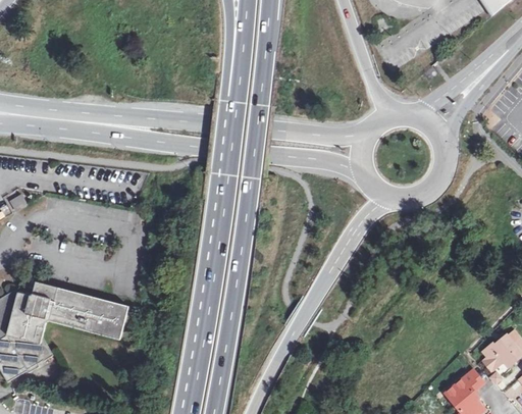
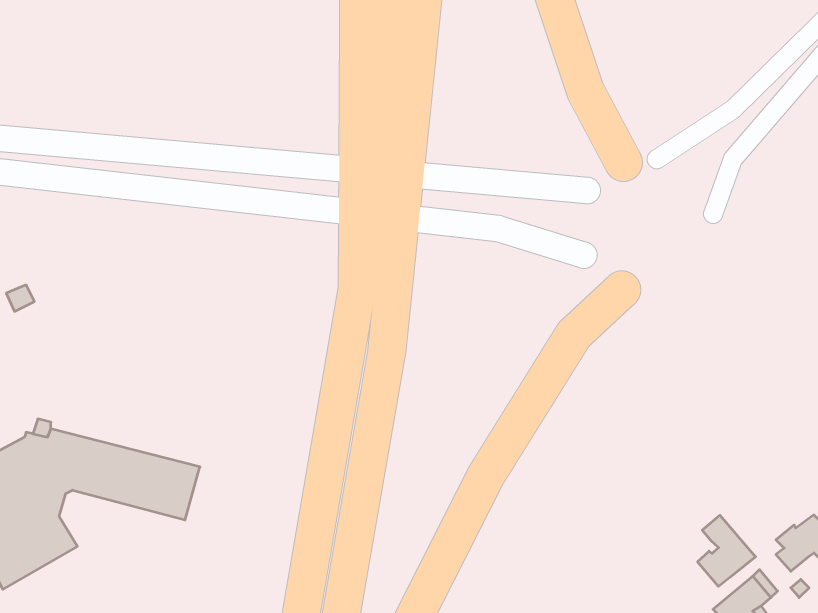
building: none -> [698,515,756,586]

